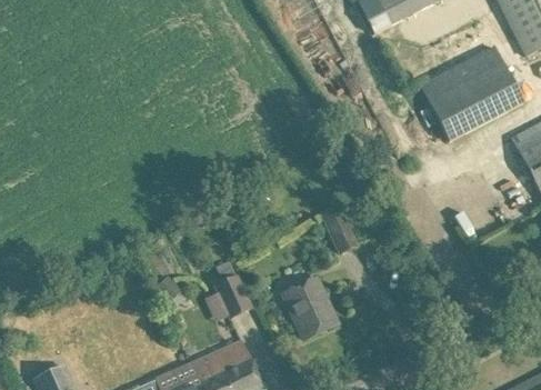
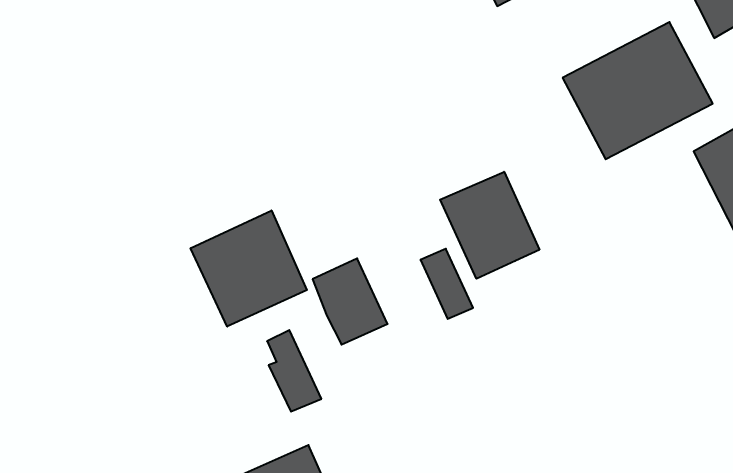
building: none -> [440,172,539,279]
building: none -> [191,210,307,327]
building: [285,278,338,338] -> [313,258,388,345]

